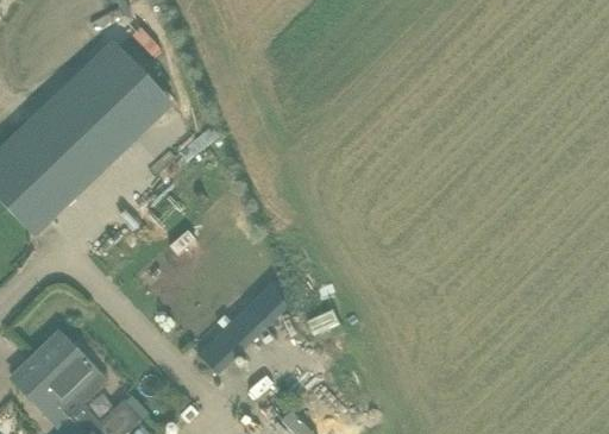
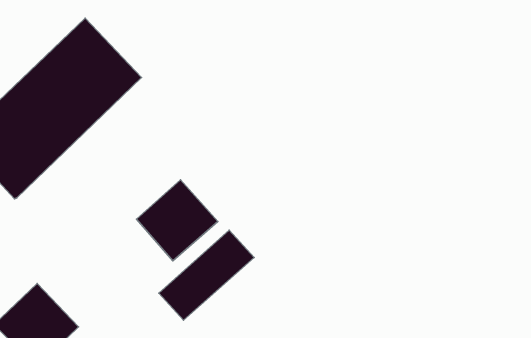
building: none -> [137,180,218,261]

